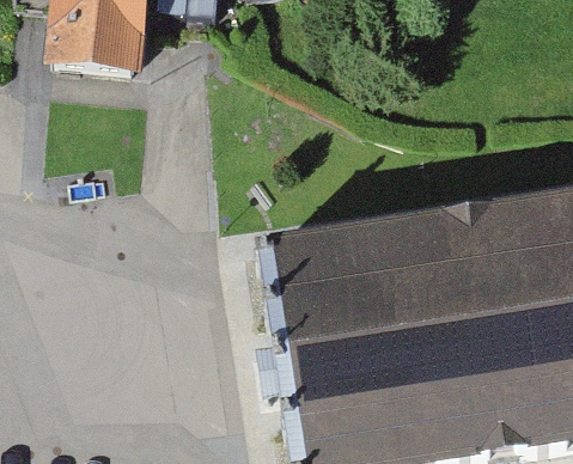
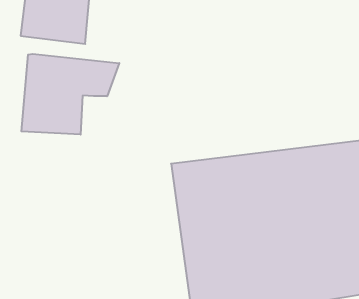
building: none -> [21,54,119,135]

